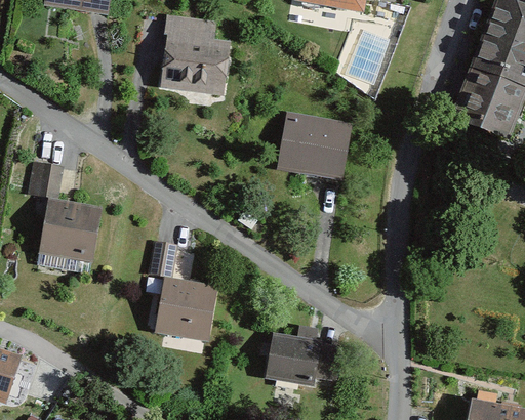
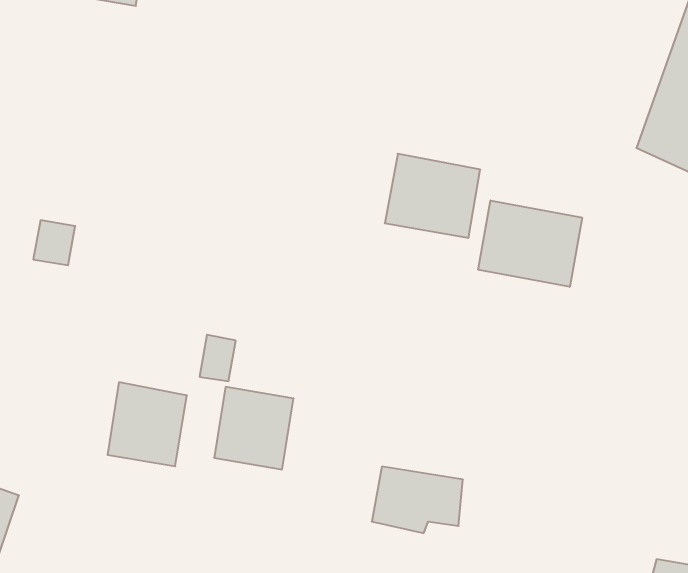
building: [161,17,224,92] -> none
building: none -> [478,200,582,287]
building: [43,199,99,258] -> [107,382,187,466]

